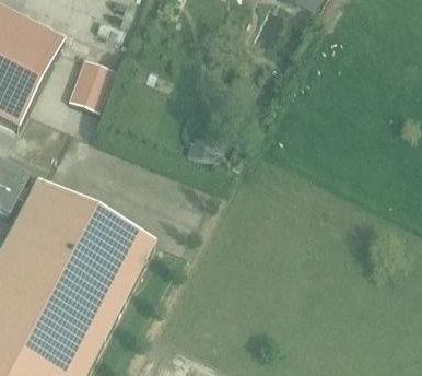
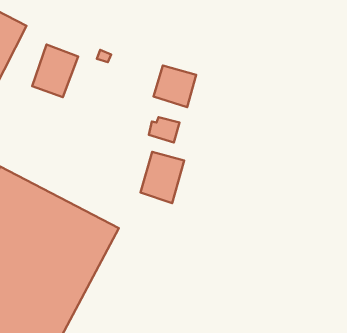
building: none -> [154,66,196,107]
building: none -> [141,152,184,203]

